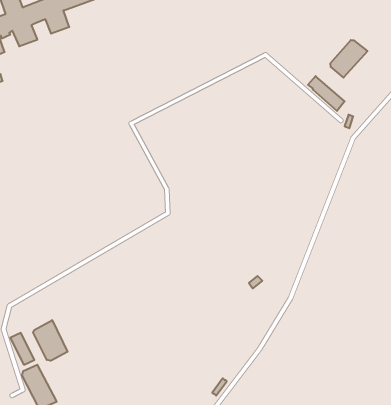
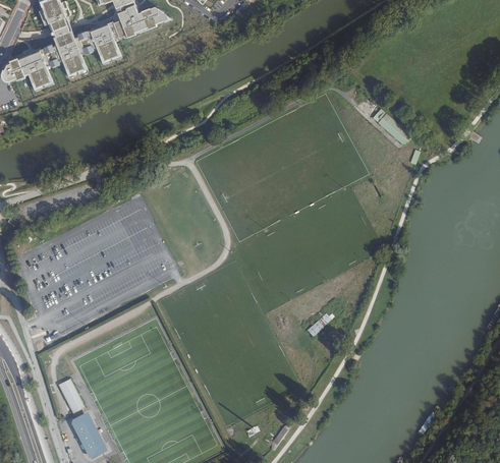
building: [330,40,367,78] -> none
building: [33,320,67,361] -> none

